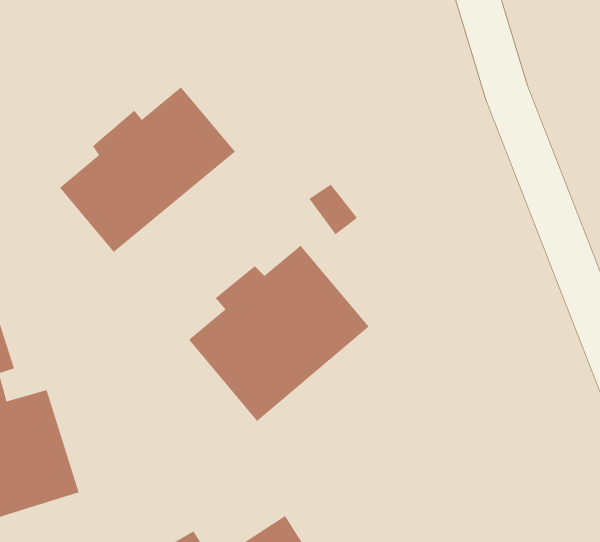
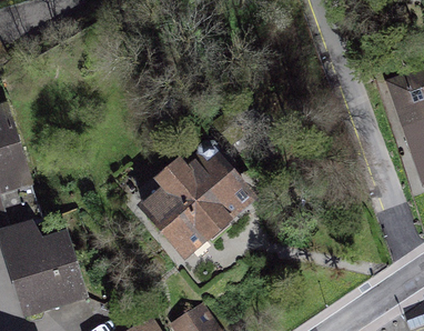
building: [59,86,236,253] -> none

